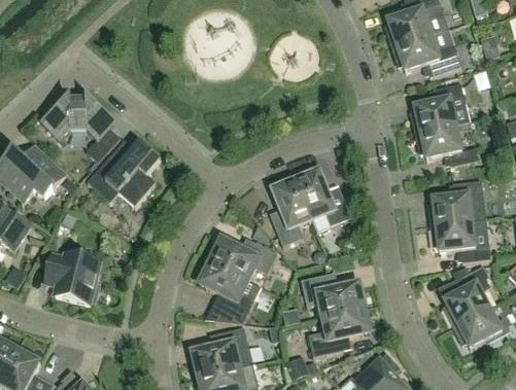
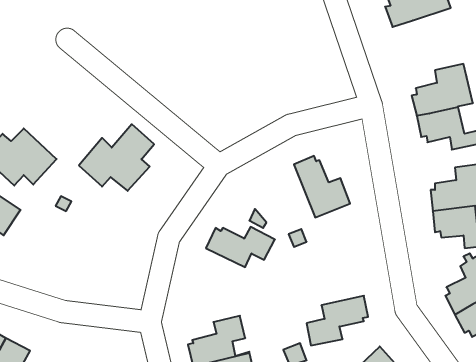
building: [392,27,461,75] -> none
building: [43,97,121,161] -> none
building: [273,179,317,244] -> none
building: [46,252,100,302] -> none
building: [202,260,254,322] -> none
building: [301,273,365,316] -> none

